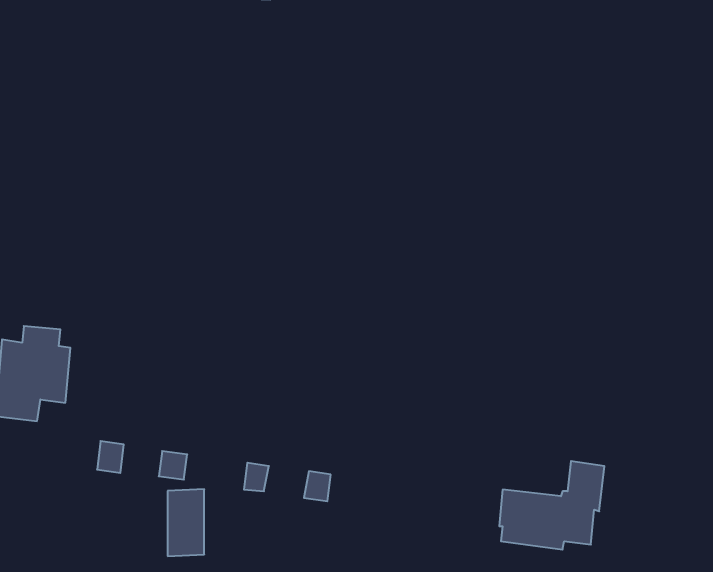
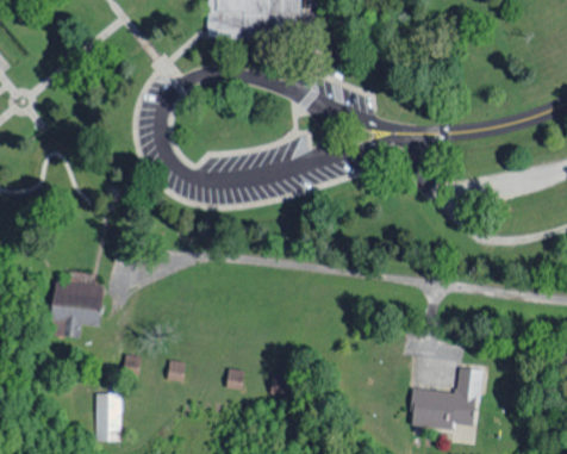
building: [168,489,204,556] -> [96,393,123,441]

